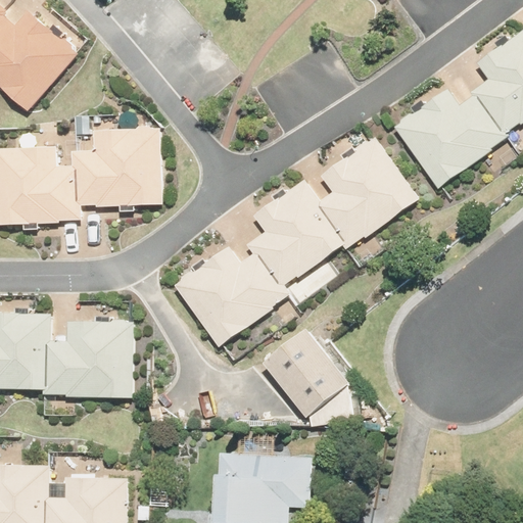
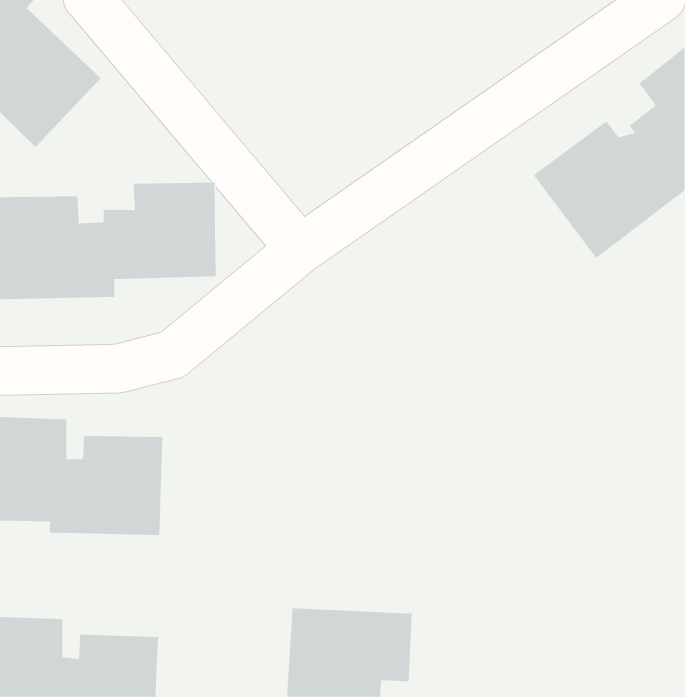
building: [177,141,416,343] -> none
building: [263,328,347,417] -> none

